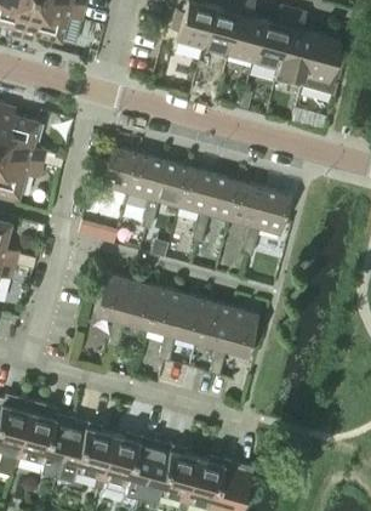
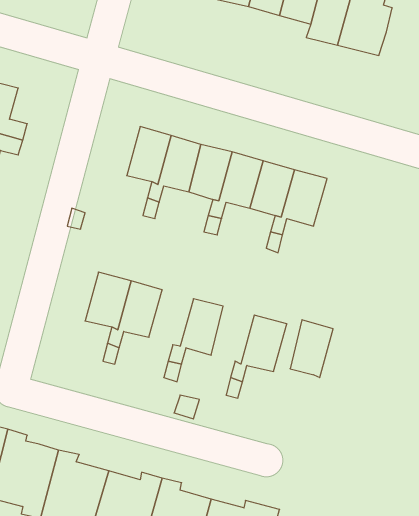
building: [95,146,138,193] -> none
building: [145,286,182,333] -> none
building: [196,300,232,347] -> [290,320,333,378]

